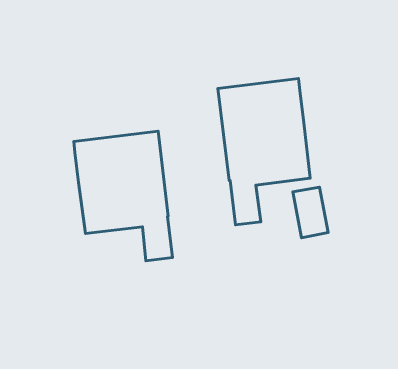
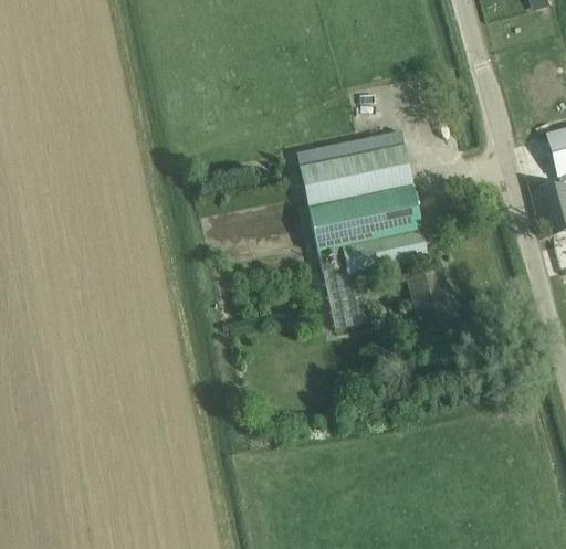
building: [74,131,172,261] -> none

